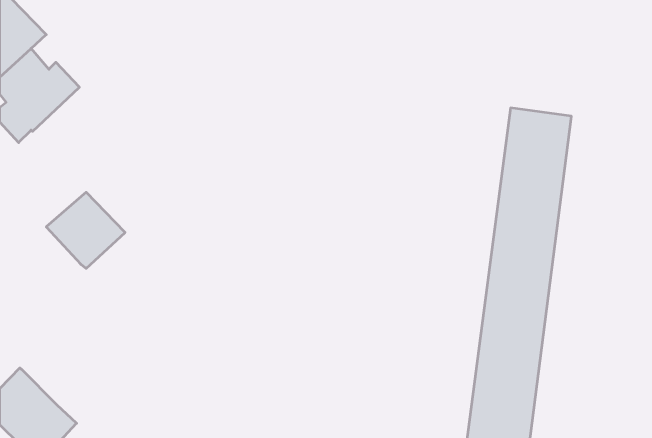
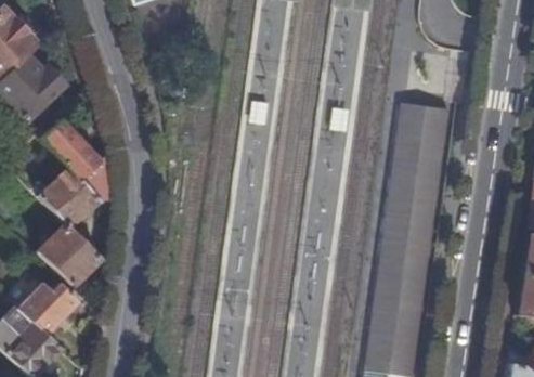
building: none -> [38,113,108,197]
building: none -> [38,222,100,284]
building: none -> [19,280,79,333]

